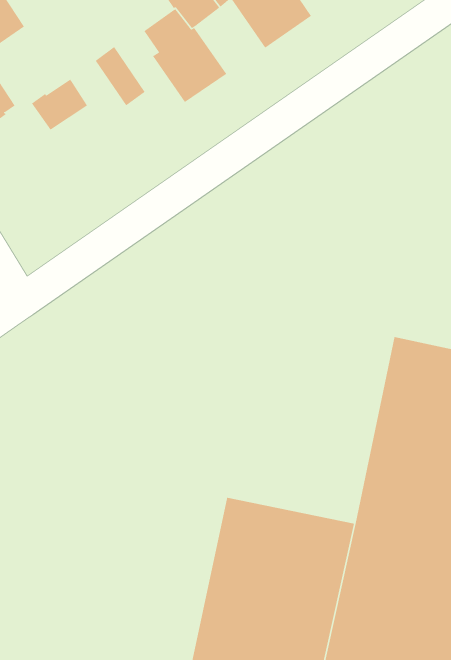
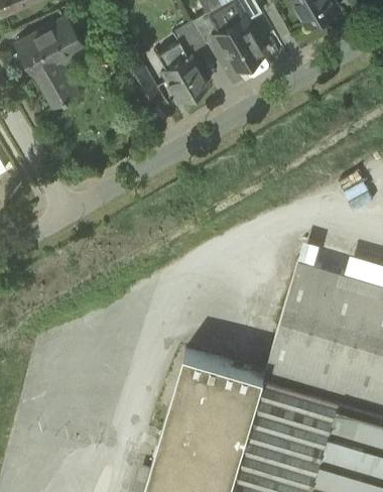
building: [31,79,88,130] -> none

